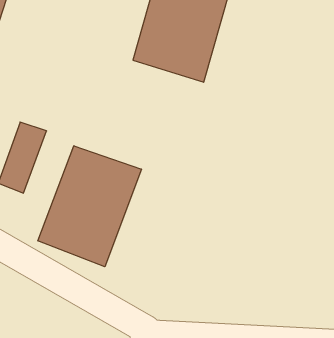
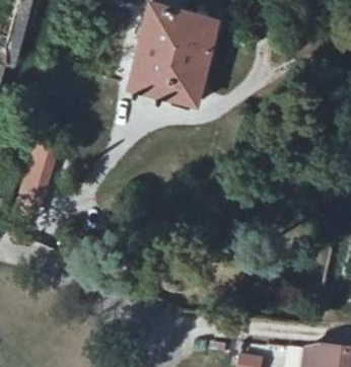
building: [38,146,141,267] -> none

